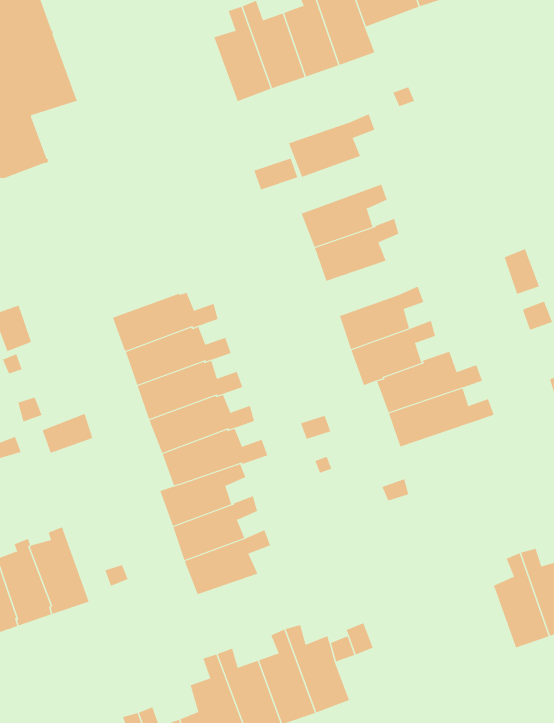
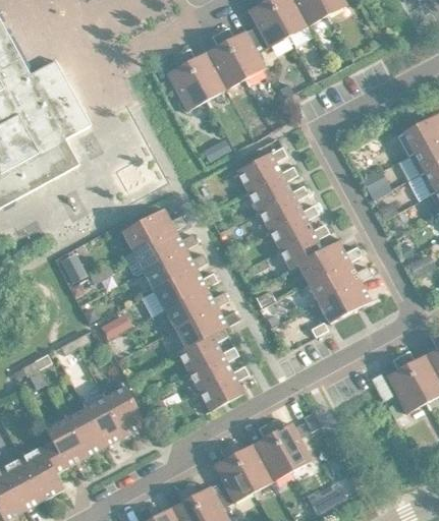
building: [288,114,375,177] -> [257,185,308,230]
building: none -> [121,210,185,252]
building: none -> [317,281,370,324]

